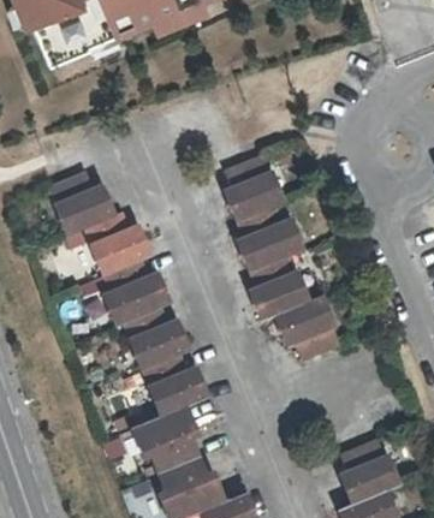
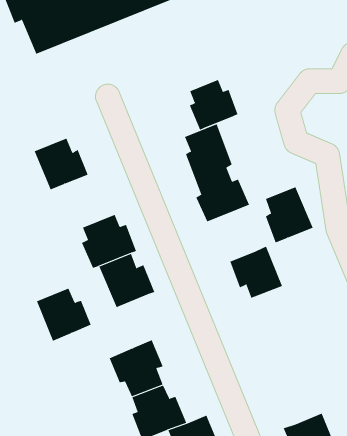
building: none -> [189,79,238,130]
building: [83,207,148,273] -> none
building: [249,252,305,318] -> [265,187,313,243]
building: [143,351,208,413] -> [36,288,92,341]
building: [340,437,397,502] -> none

